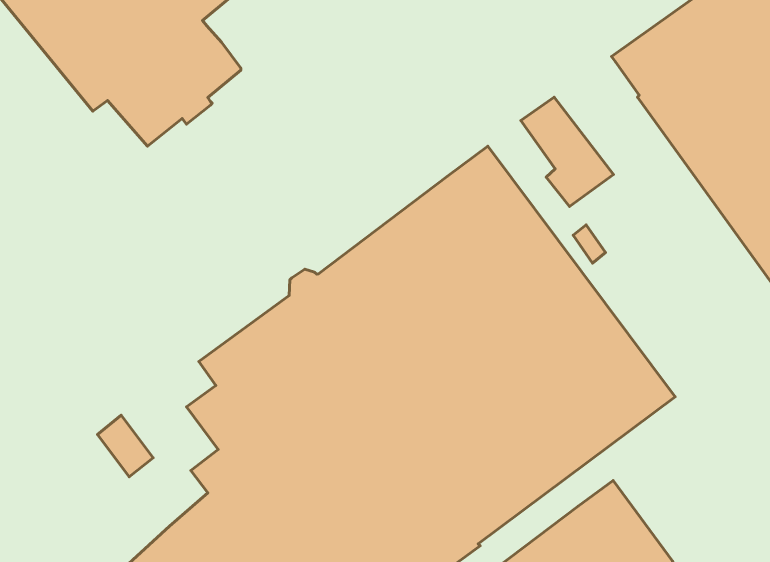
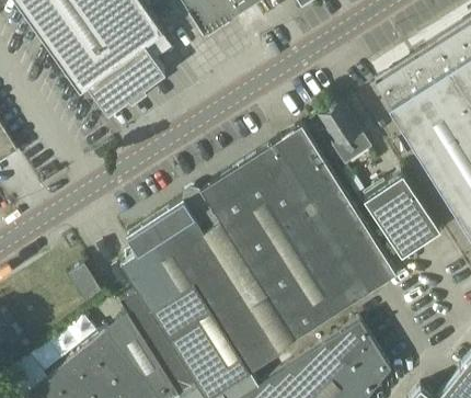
building: none -> [363,171,439,253]

